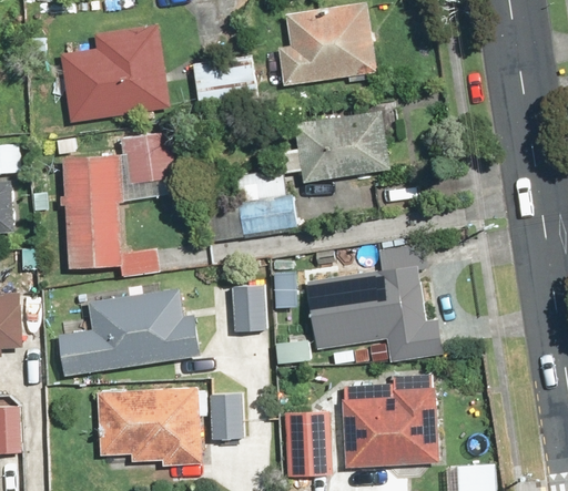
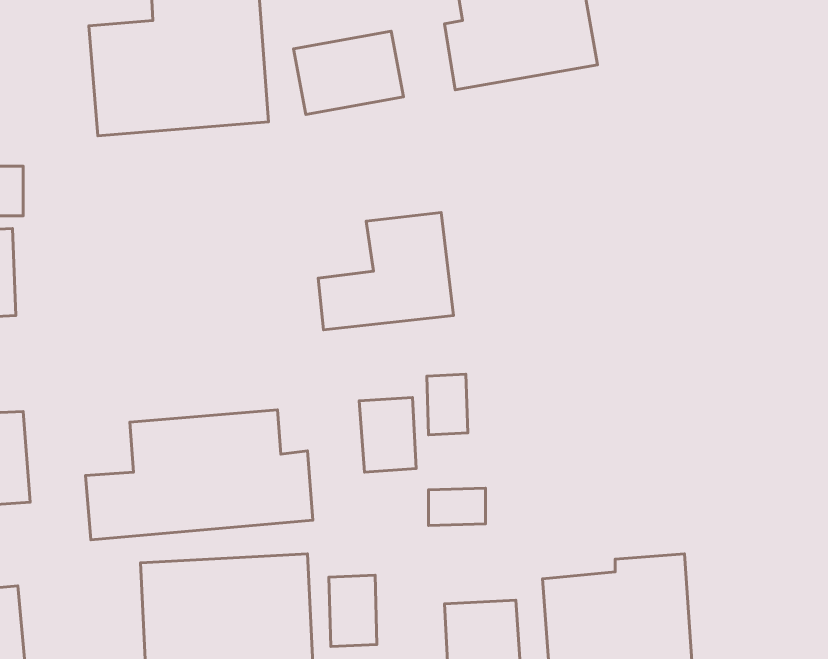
building: [281,108,390,186] -> none
building: [67,134,175,275] -> none
building: [304,241,443,365] -> none

